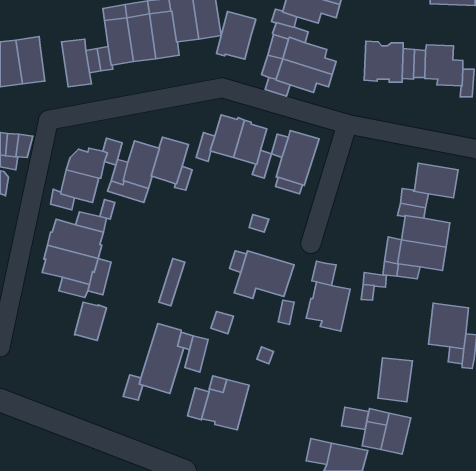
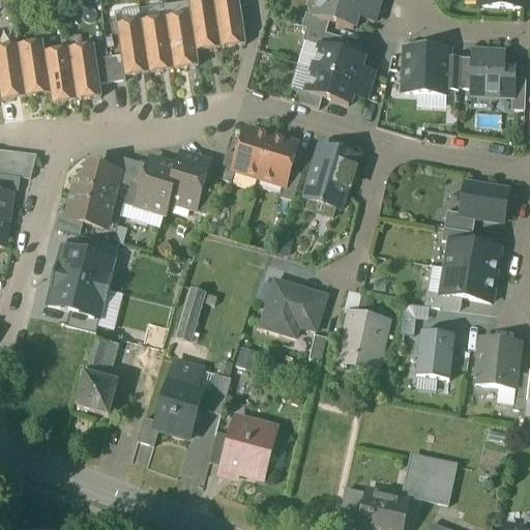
building: [216,11,256,59] -> none
building: none -> [46,47,77,100]
building: none -> [78,372,118,412]
building: [378,358,412,402] -> [417,330,455,379]
building: [341,407,369,429] -> none

